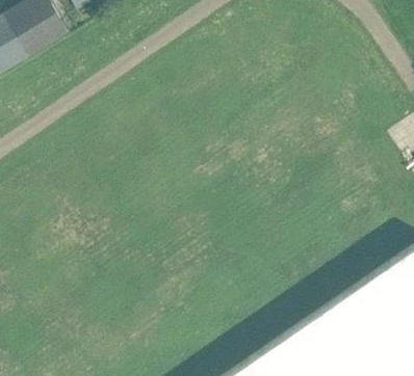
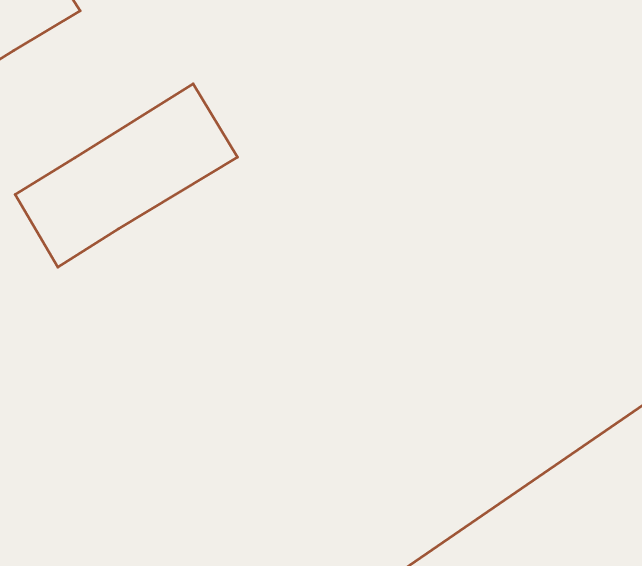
building: none -> [15,84,238,267]

